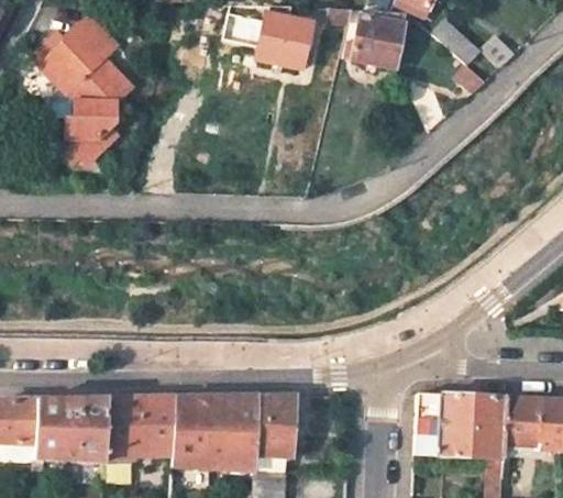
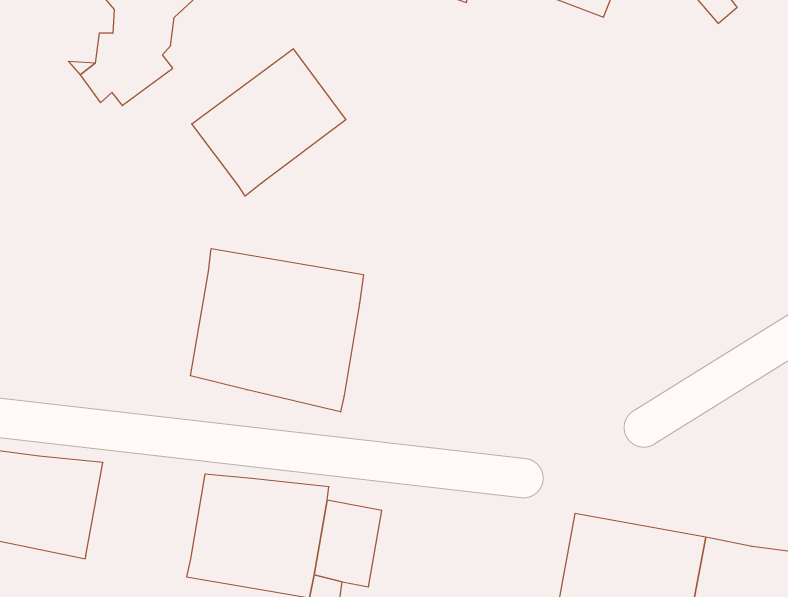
building: none -> [192,49,346,196]
building: none -> [190,249,363,412]
building: [103,397,174,461] -> none

